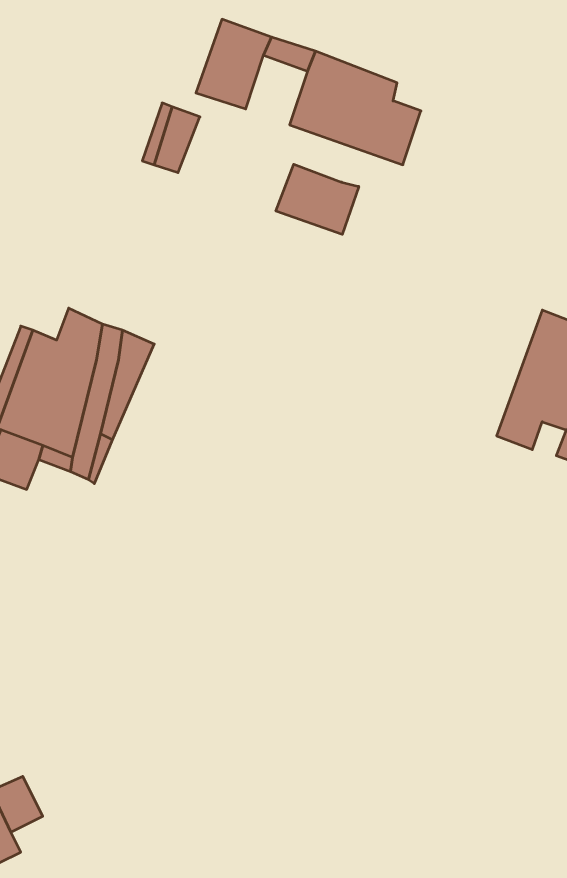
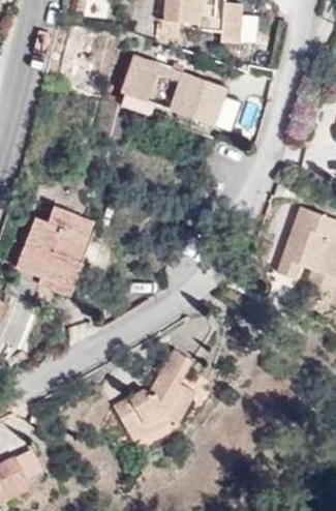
building: [276,164,359,234] -> none
building: none -> [114,349,194,441]

